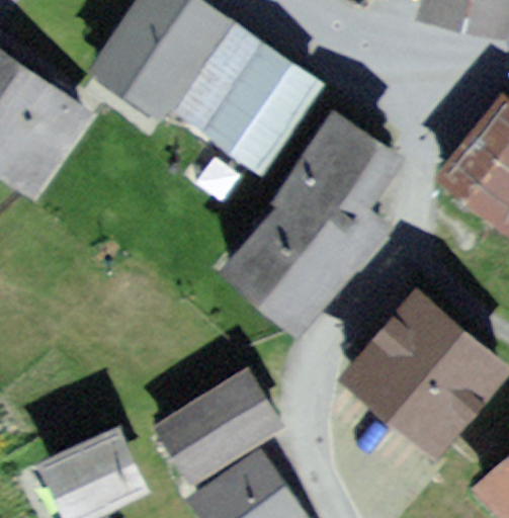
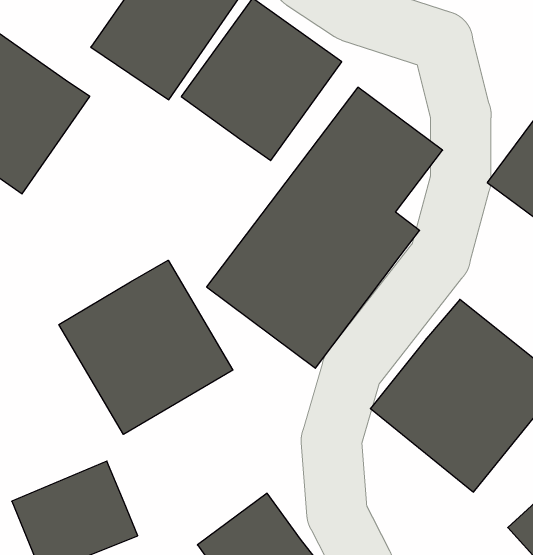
building: none -> [59,260,233,434]
building: [148,370,284,491] -> none

